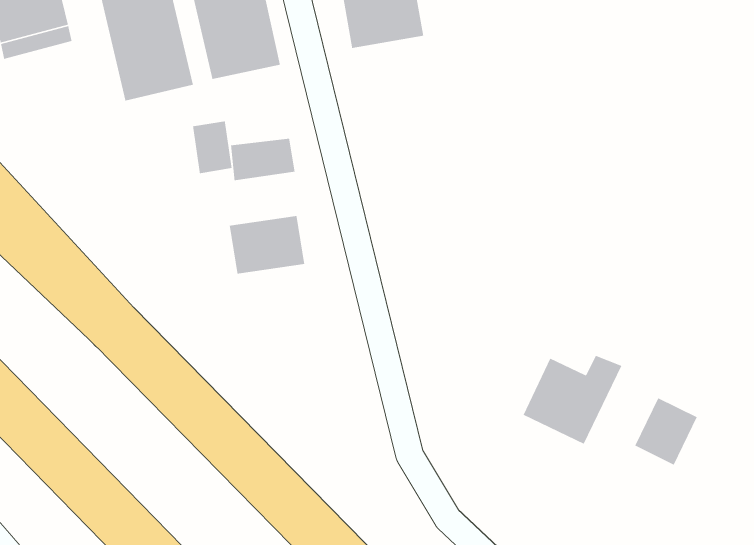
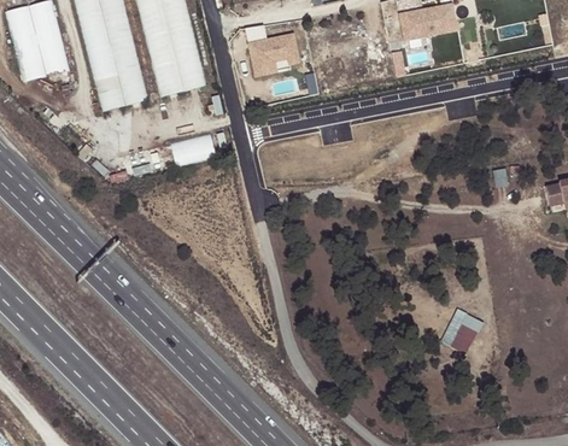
building: [192,120,232,174] -> none
building: [229,215,305,274] -> none
building: [522,355,622,445] -> none

